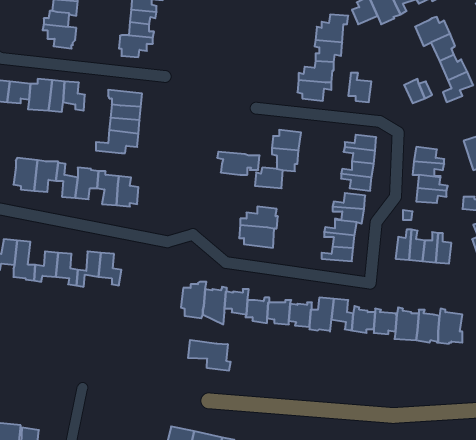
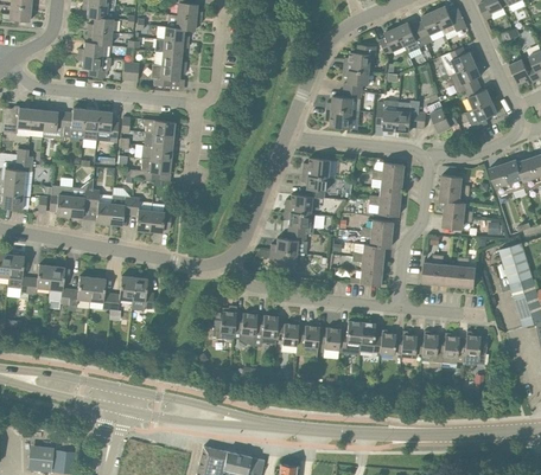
building: none -> [396,101,420,131]
building: [217,152,260,175] -> [284,212,325,235]
building: [188,340,231,371] -> none

